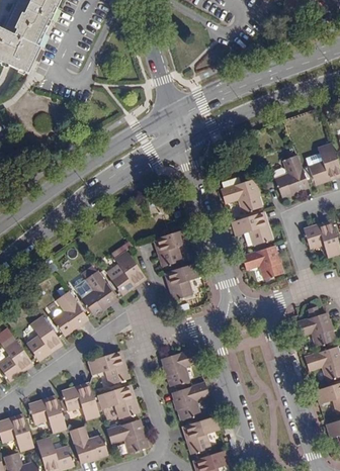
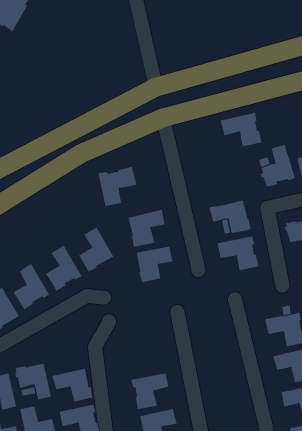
building: [220,178,262,212] -> [220,112,263,147]
building: none -> [98,166,137,207]
building: [161,348,197,386] -> none
building: [87,351,129,384] -> none

